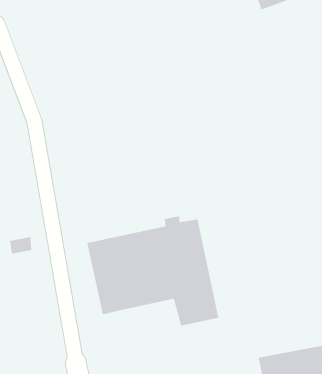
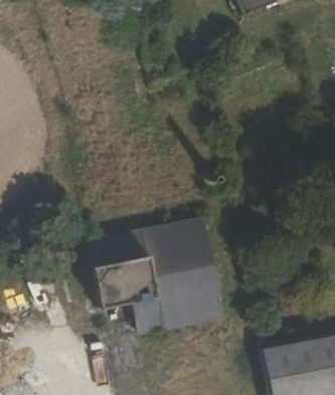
building: none -> [136,295,189,333]

